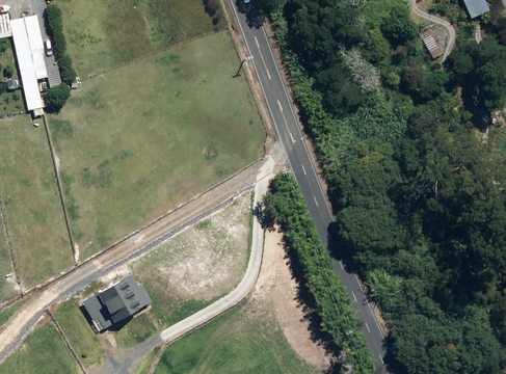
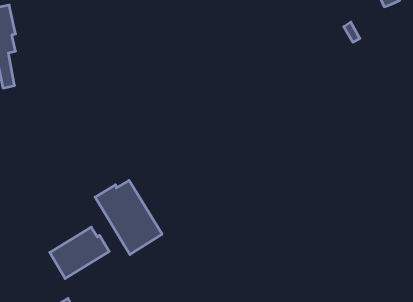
building: none -> [95,180,162,255]

